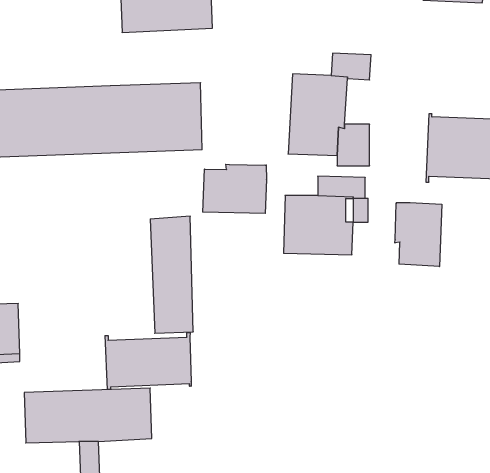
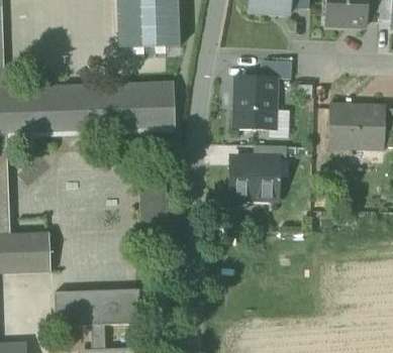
building: [203,164,266,213] -> none
building: [395,203,442,267] -> none
building: [105,332,191,389] -> none

